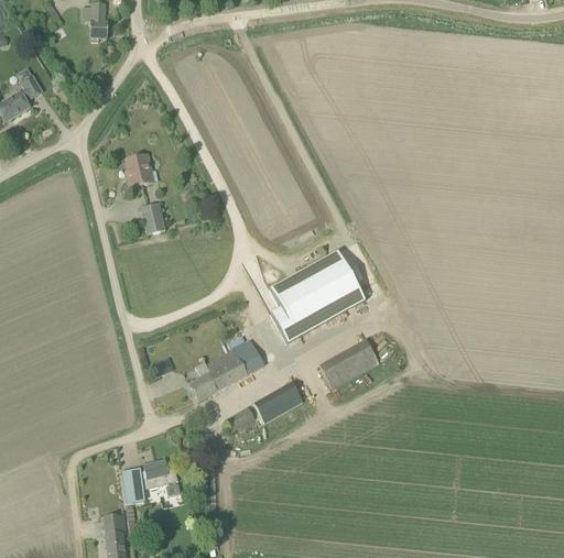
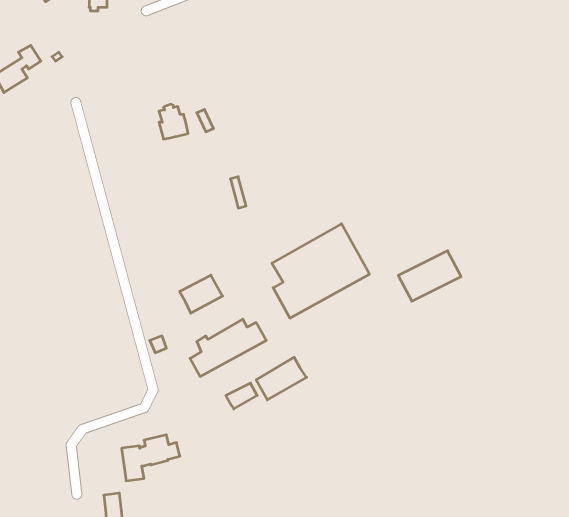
building: [126,153,154,187] -> [159,104,188,139]
building: [141,203,166,234] -> none
building: none -> [180,275,223,313]
building: [317,339,379,389] -> [398,251,461,301]

